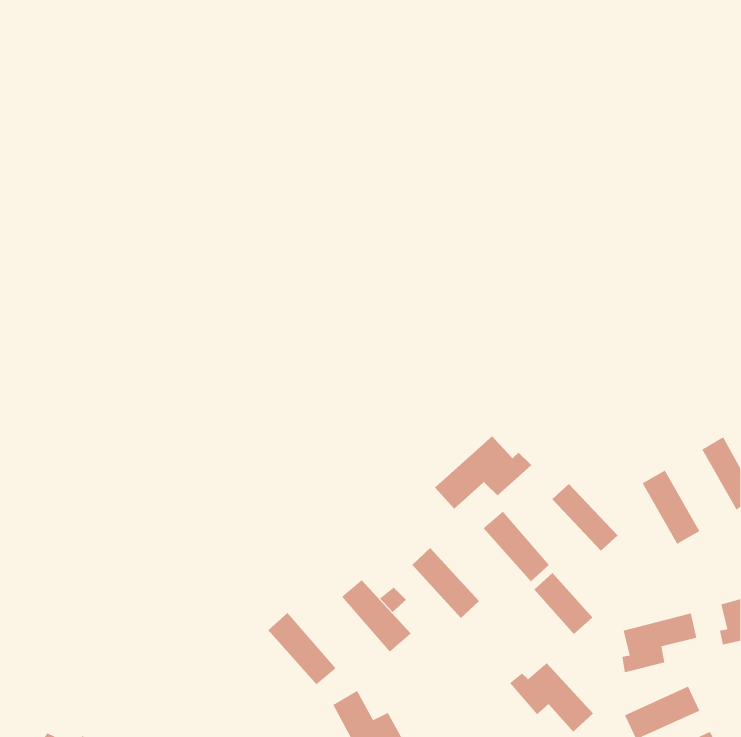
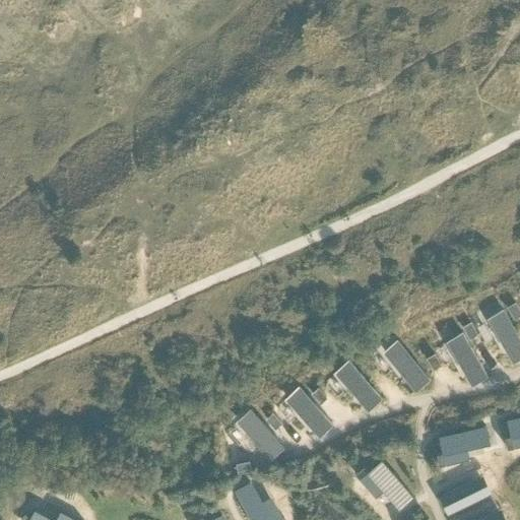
building: [434,436,532,509] -> none
building: [533,572,593,635] -> none
building: [267,612,336,685] -> none

